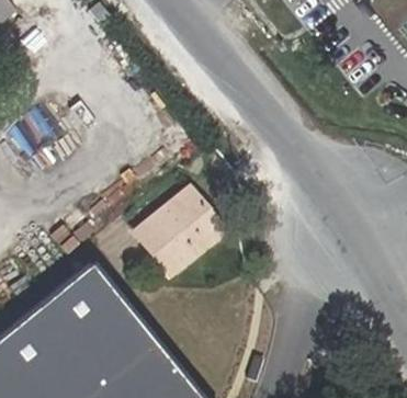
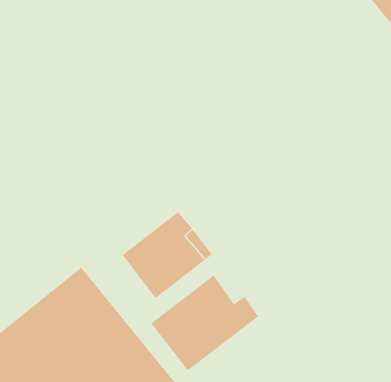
building: none -> [150,274,259,371]

